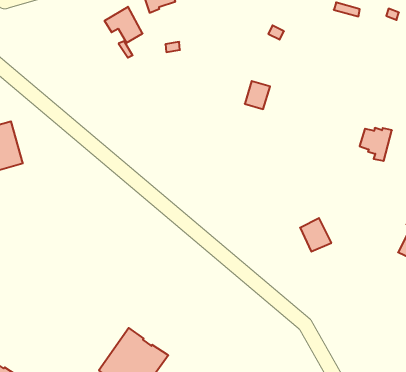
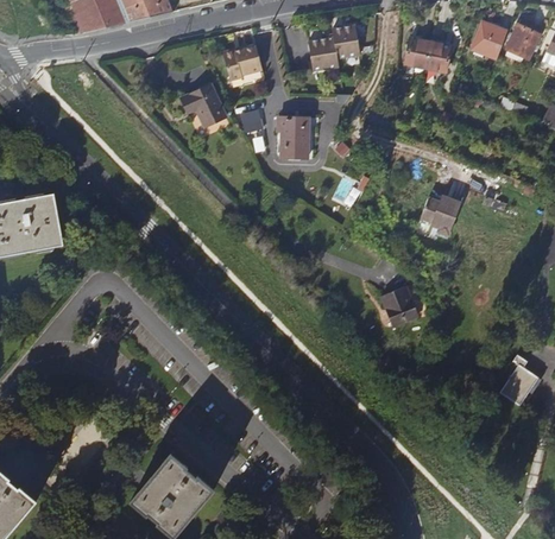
building: none -> [280,118,308,158]
building: [360,128,392,161] -> [420,197,460,237]
building: [300,218,331,252] -> [378,284,414,323]

